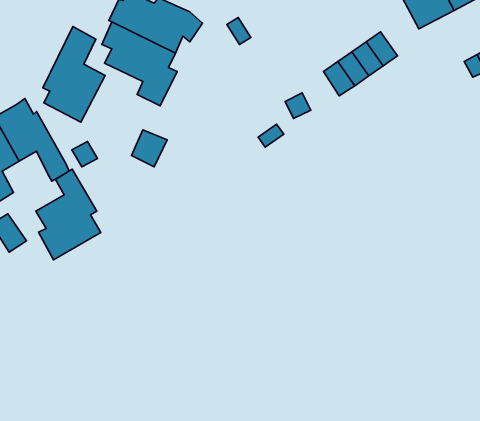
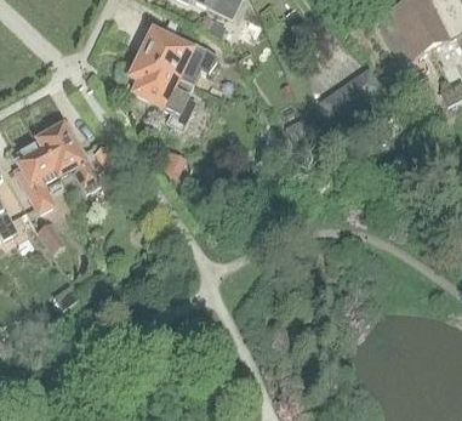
building: [43,26,105,122] -> none
building: [36,169,101,260] -> none

